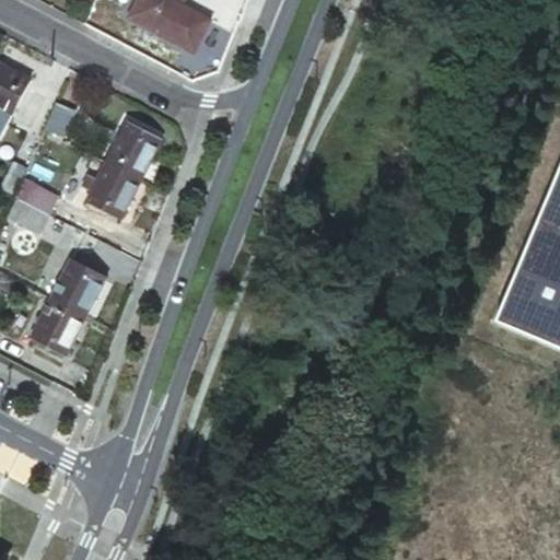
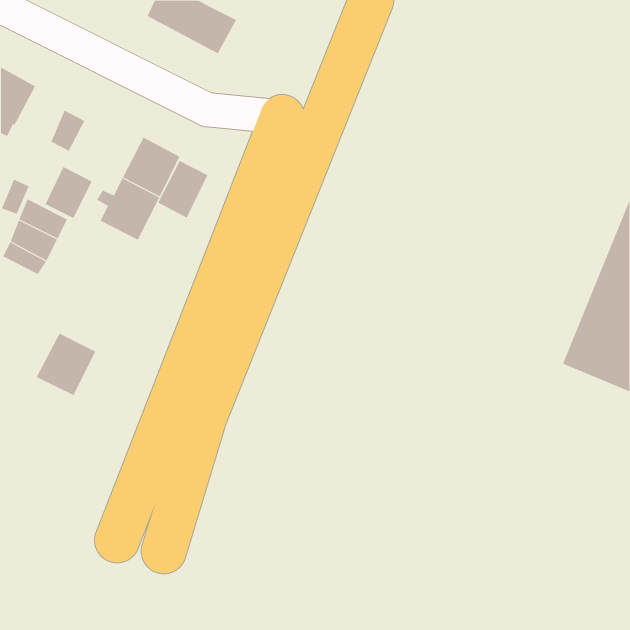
building: none -> [157,160,208,219]
building: none -> [45,166,92,219]
building: [52,258,104,312] -> none

